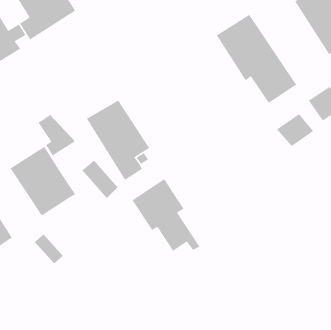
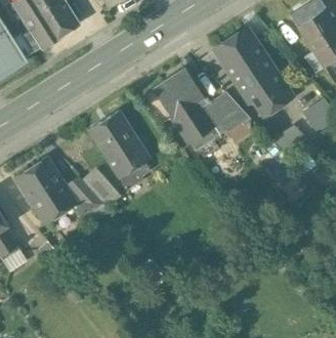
building: none -> [208,91,250,133]
building: [38,114,76,156] -> [67,176,103,217]
building: [132,178,200,252] -> [154,68,220,139]

